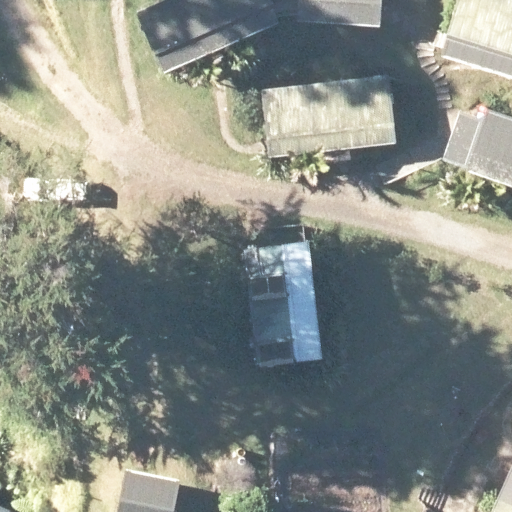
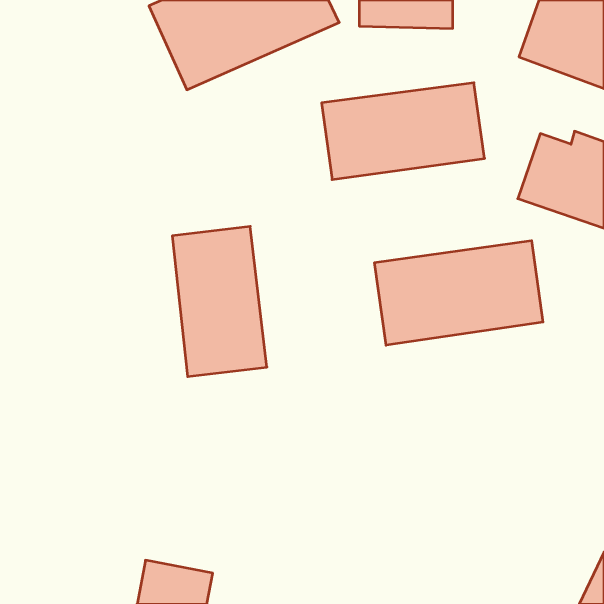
building: none -> [375,241,543,345]
building: [243,242,323,369] -> [172,226,267,377]

